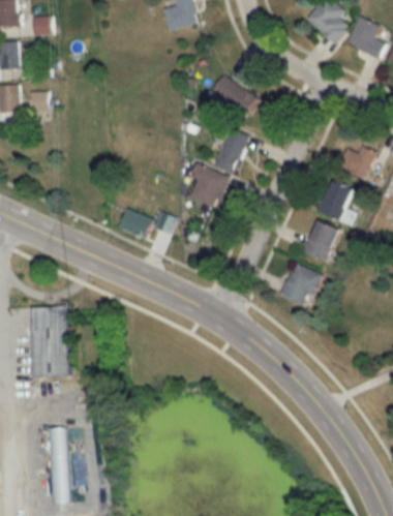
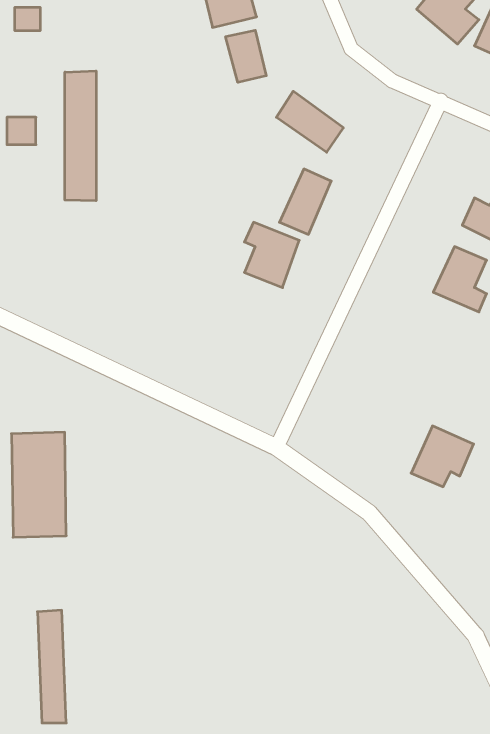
building: none -> [226,30,266,82]
building: none -> [65,71,96,201]
building: [119,208,178,238] -> none
building: [302,218,340,262] -> none
building: [279,263,322,304] -> [411,426,474,487]

